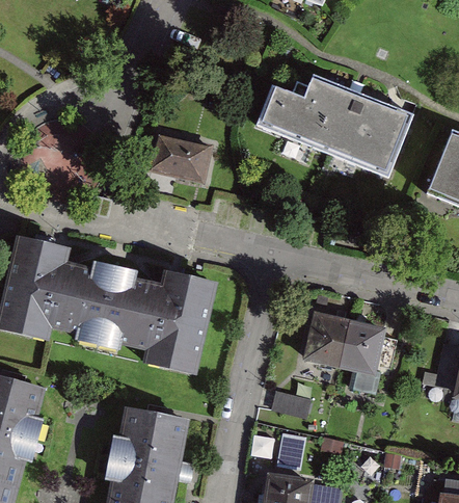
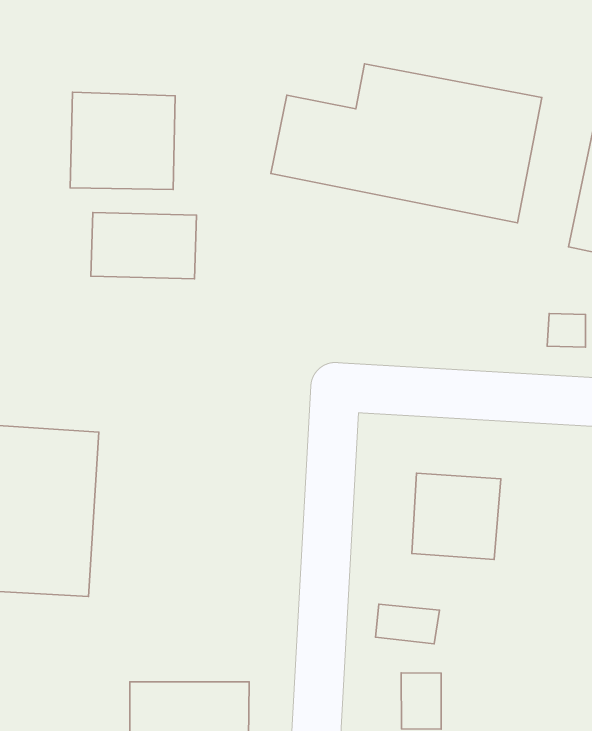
building: none -> [70,92,175,189]
building: [107,260,222,375] -> none
building: [344,325,395,394] -> none

